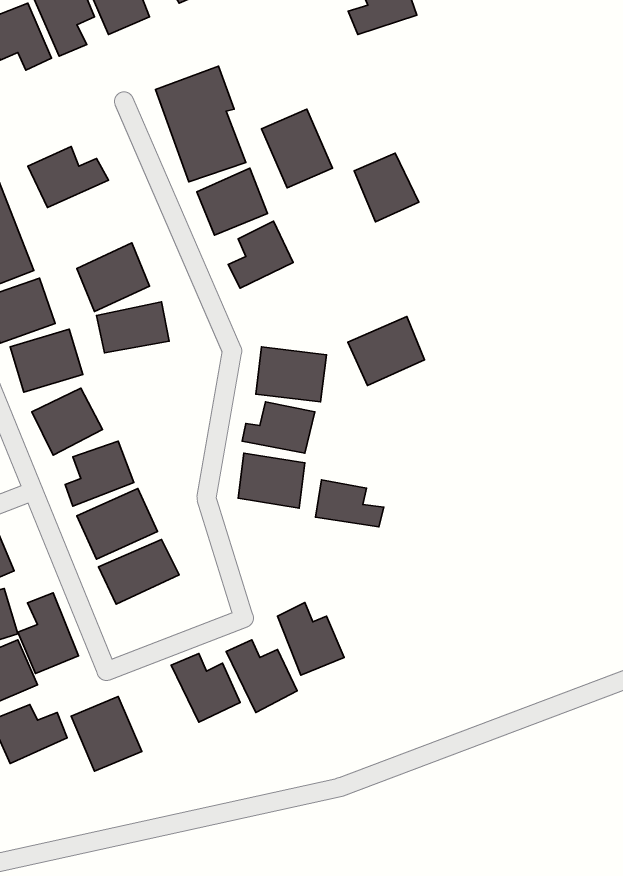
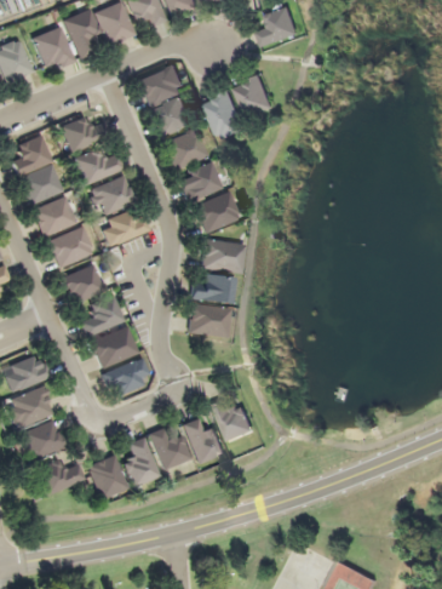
building: [354,153,419,222] -> [235,76,275,119]
building: none -> [75,147,122,184]
building: [348,317,424,385] -> [193,191,240,234]
building: [315,480,384,527] -> none
building: [18,593,79,673] -> [122,438,160,487]

